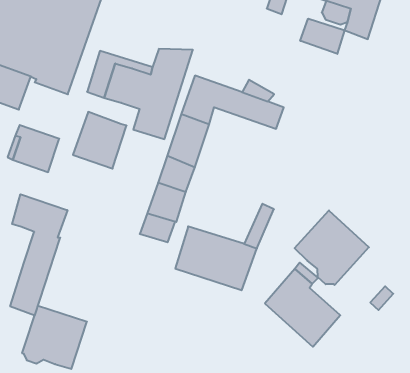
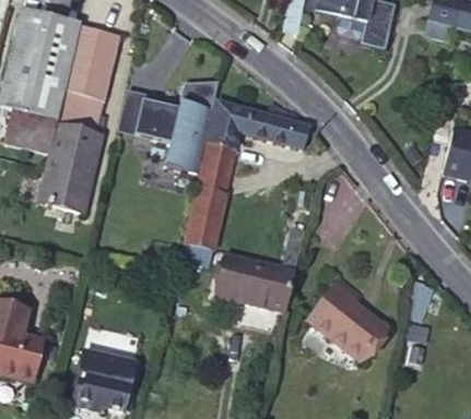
building: [300,19,344,54] -> none
building: [73,112,127,169] -> [50,124,101,178]
building: [10,194,67,316] -> none
building: [295,210,369,285] -> none

